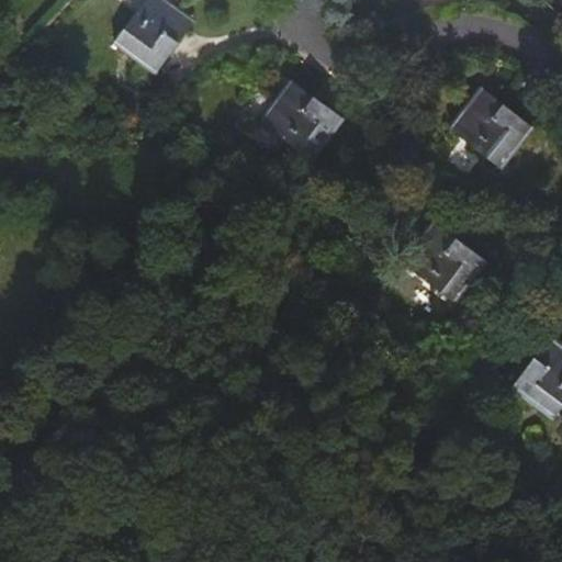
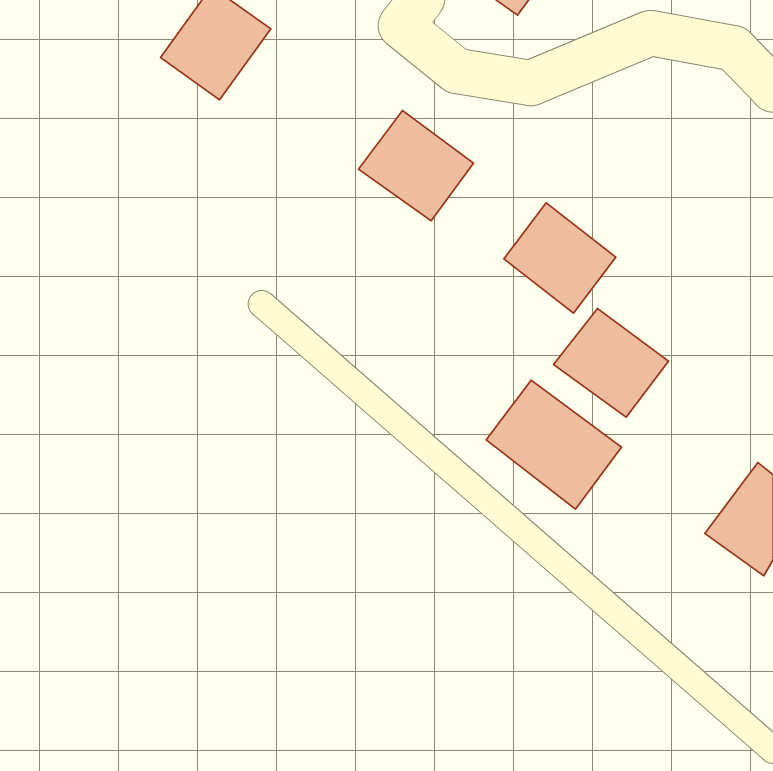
building: [449,89,530,169] -> [504,203,616,313]
building: none -> [486,380,621,509]

